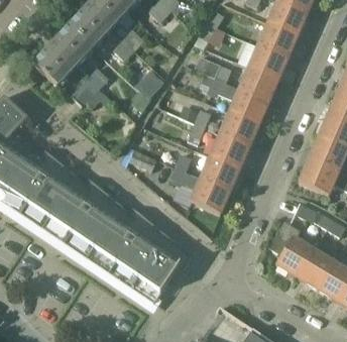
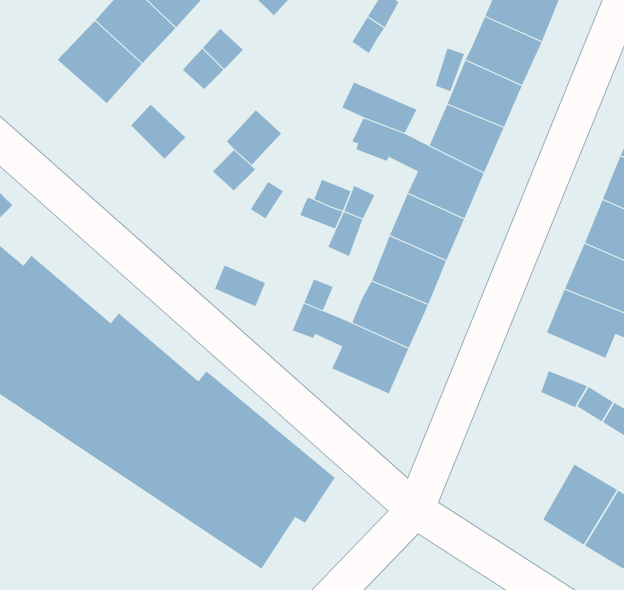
building: [33,44,76,86] -> none
building: [72,78,105,107] -> none
building: [268,220,313,277] -> none

